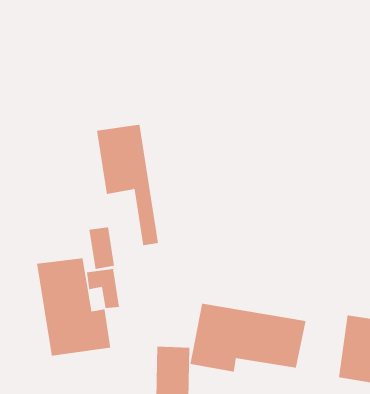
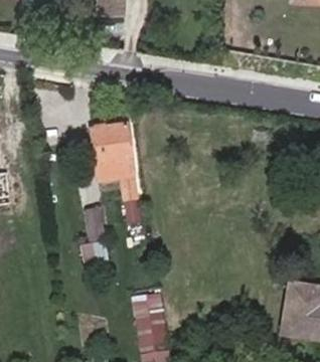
building: [36,257,111,356] -> none
building: [190,303,306,372] -> none

